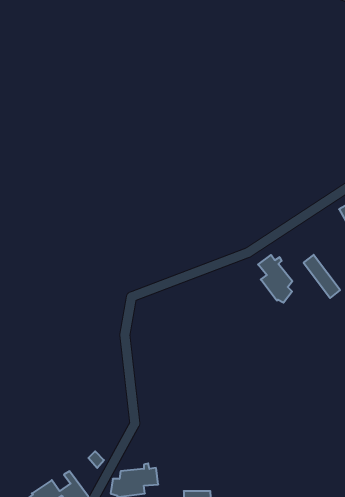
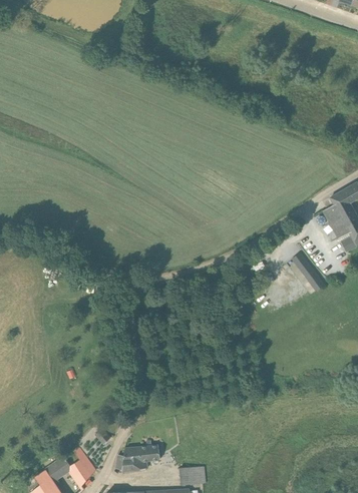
building: [258,255,292,303] -> none

